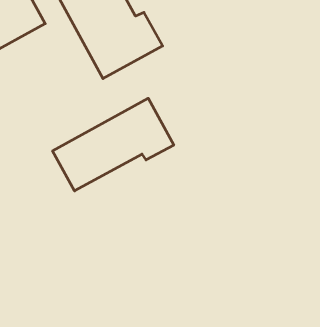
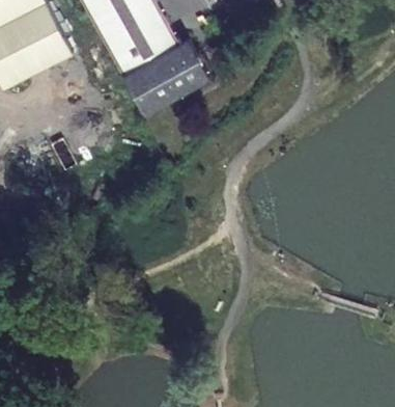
building: [53,98,174,191] -> none

